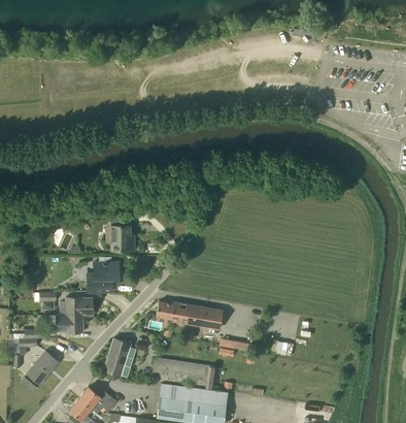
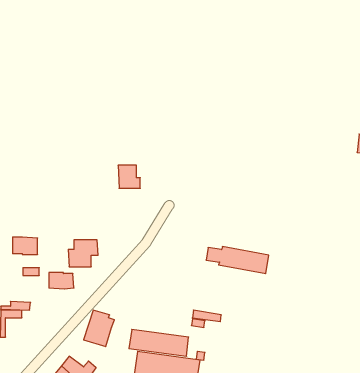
building: [110,226,134,251] -> [118,165,140,188]
building: [156,301,223,330] -> [206,247,269,274]
building: [56,315,82,333] -> [13,237,38,254]
building: [27,352,58,385] -> none

